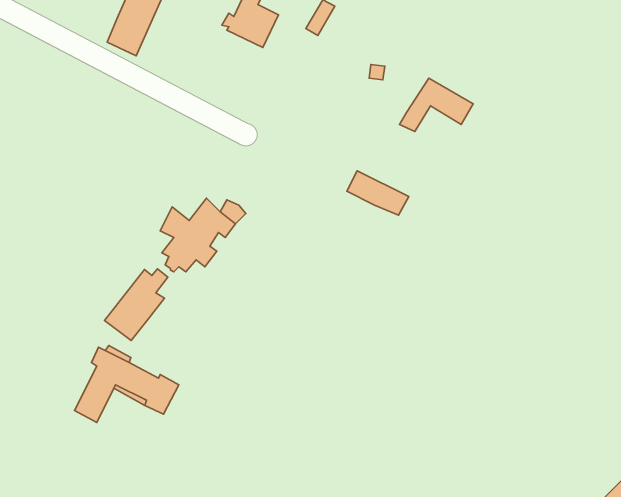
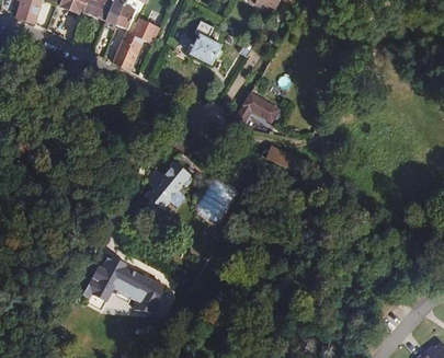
building: [400,78,473,131] -> [231,93,278,127]
building: [105,269,168,340] -> none

